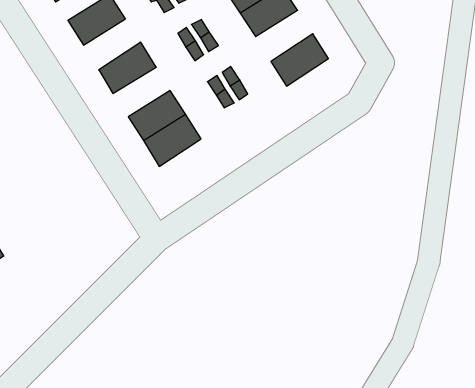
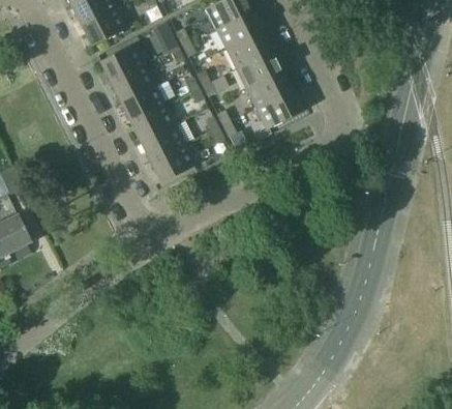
building: none -> [245,70,291,109]
building: none -> [109,64,154,103]
building: none -> [128,105,174,142]

